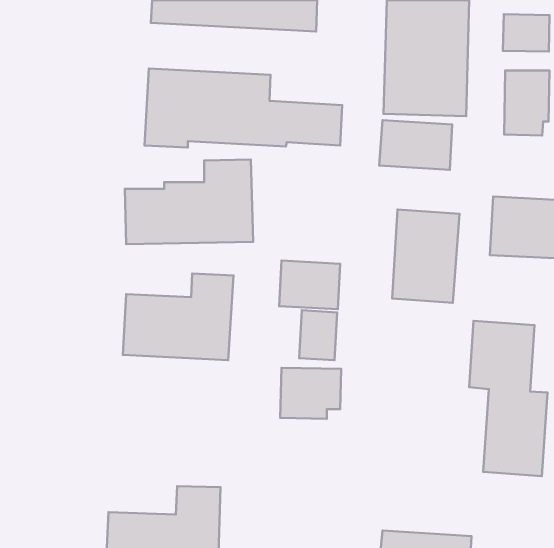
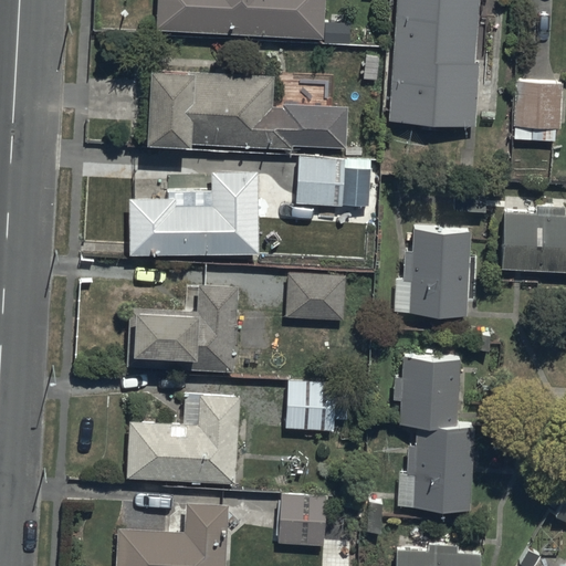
building: [503,14,550,52] -> none
building: [379,120,452,170] -> [297,164,371,214]
building: [299,310,337,360] -> none
building: [469,321,547,476] -> [392,352,472,510]
building: none -> [124,392,240,480]
building: none -> [277,491,326,547]

